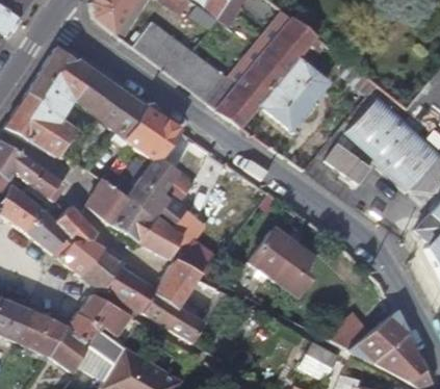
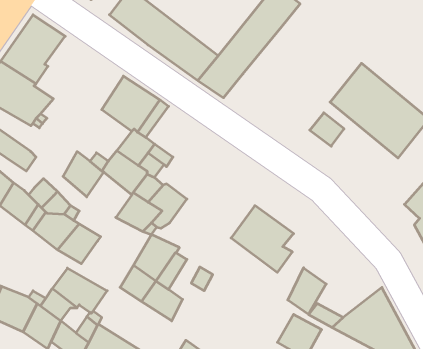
building: [262,59,328,127] -> none
building: [71,69,147,139] -> none
building: [111,200,155,243] -> none
building: [106,266,156,311] -> none
building: none -> [288,268,326,315]

